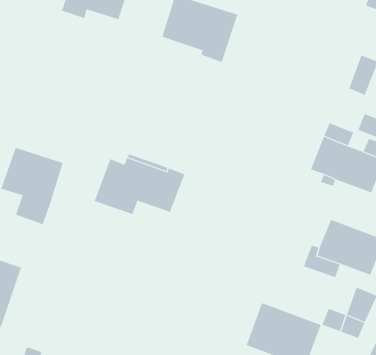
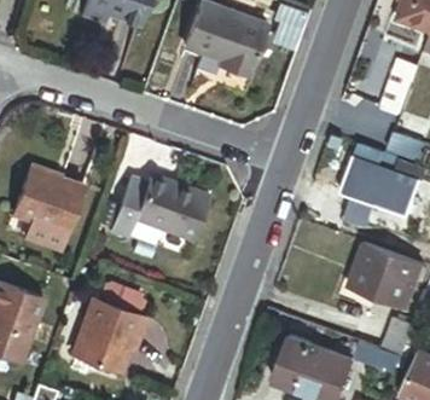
building: none -> [76,300,147,372]

